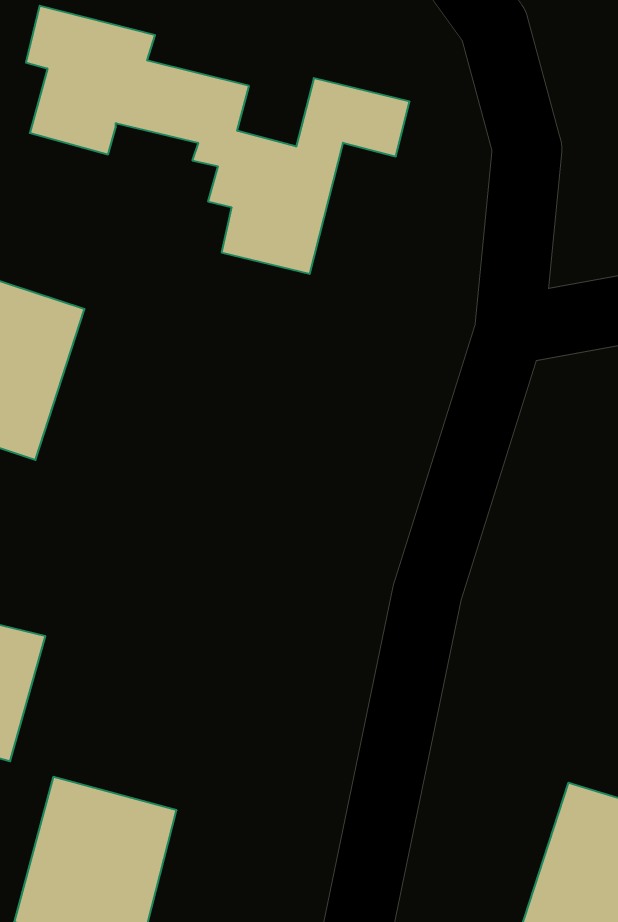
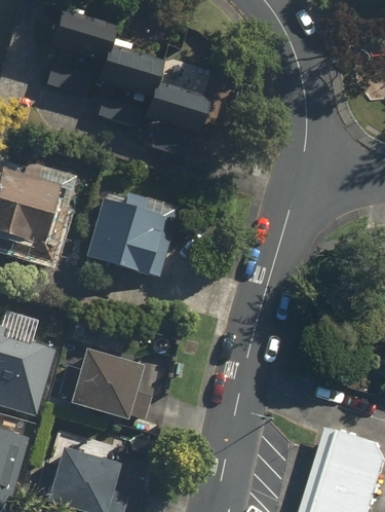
building: none -> [82,186,185,281]
building: none -> [56,338,143,423]

